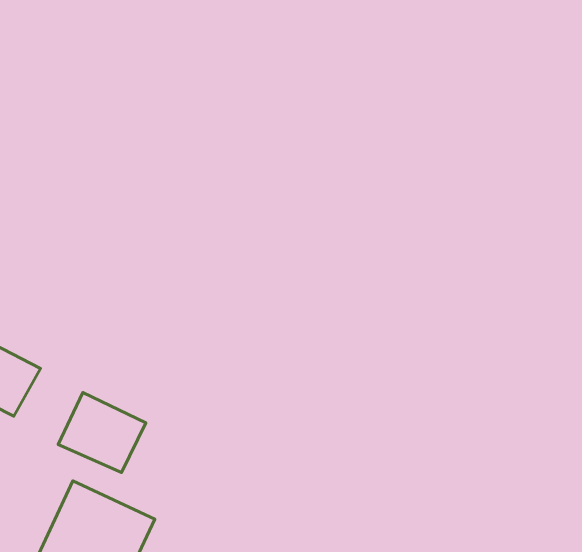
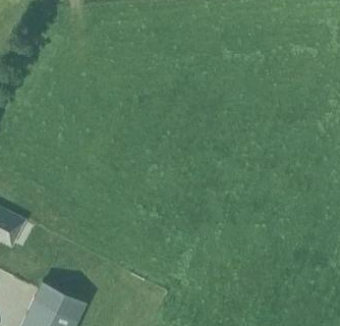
building: [58,393,146,473] -> none

